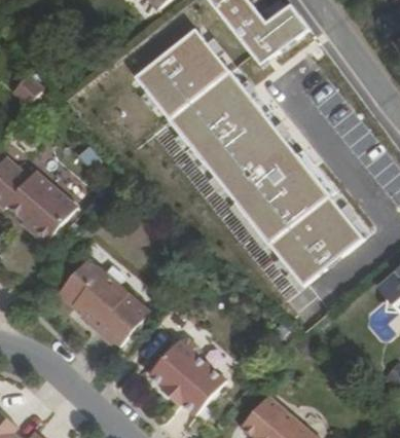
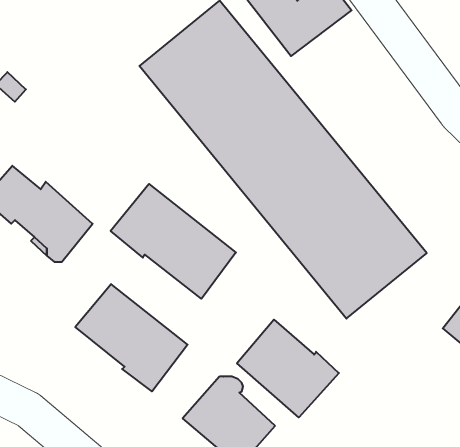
building: none -> [111,184,236,299]
building: none -> [237,320,339,417]

